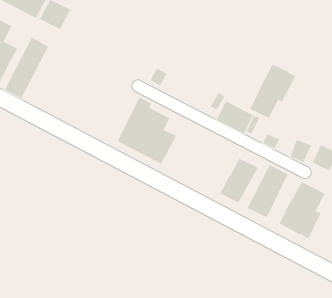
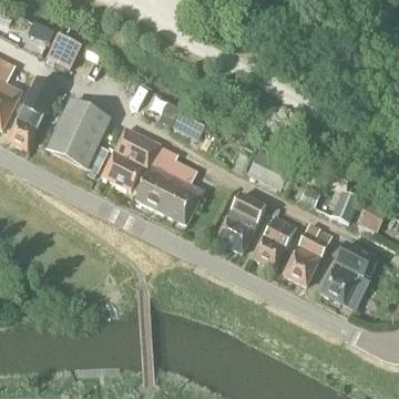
building: none -> [45,98,112,173]
building: [249,64,296,119] -> none
building: none -> [102,127,160,190]
building: none -> [216,193,266,253]

